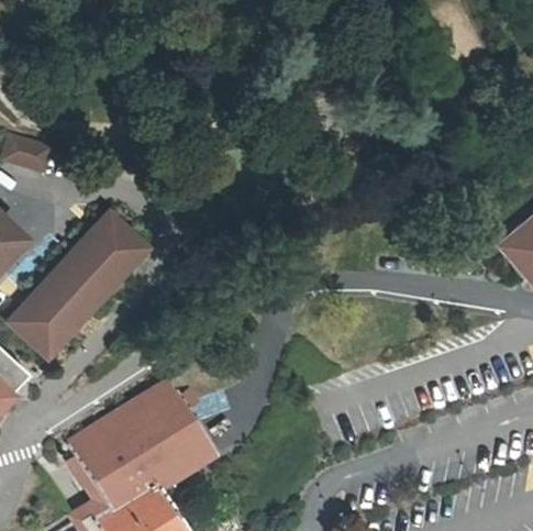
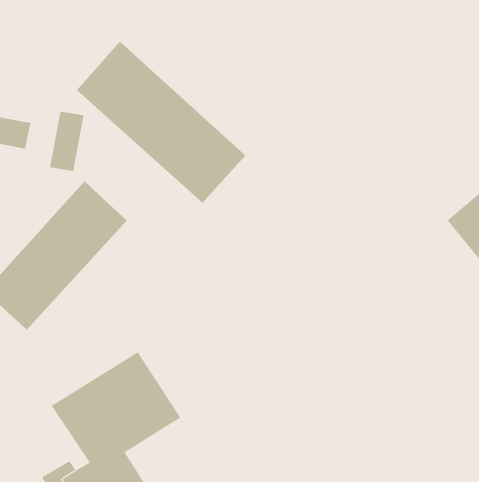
building: none -> [76,41,246,203]
building: none -> [49,111,84,172]

